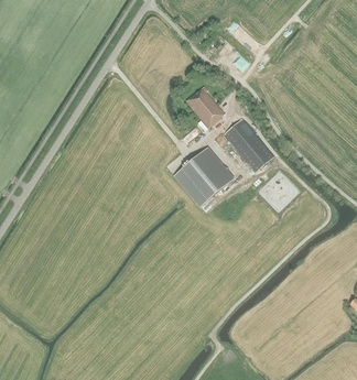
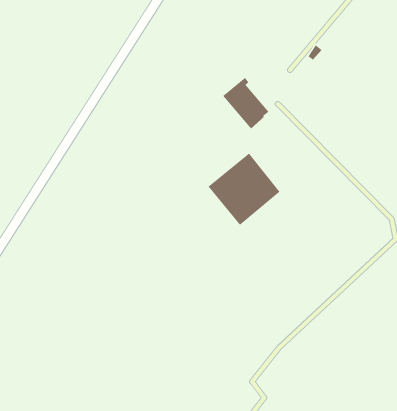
building: [224,118,273,171] -> none

